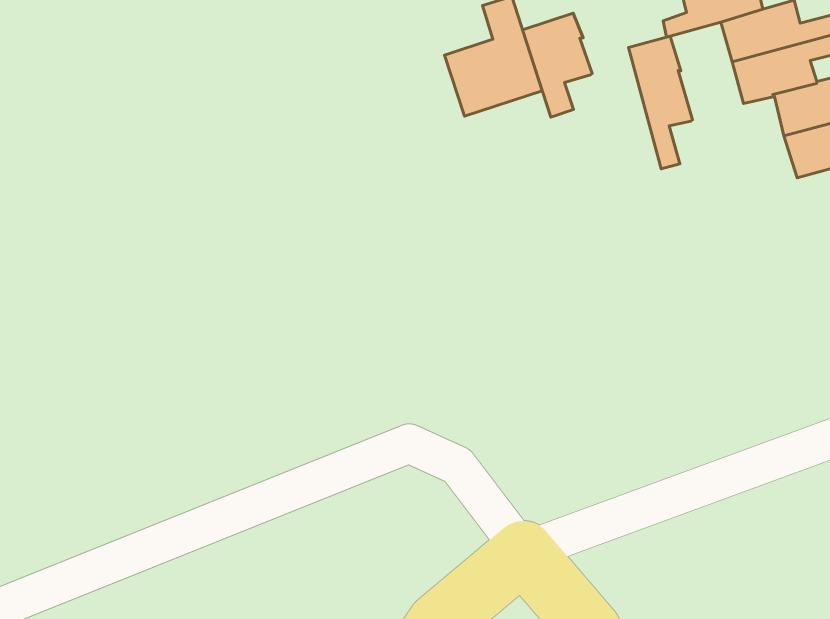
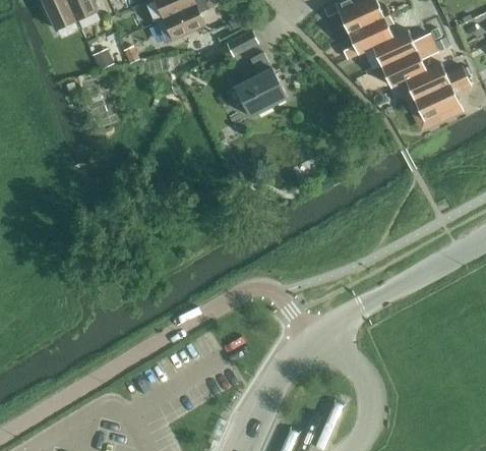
building: [523,13,592,117] -> none
building: [628,36,692,169] -> none

